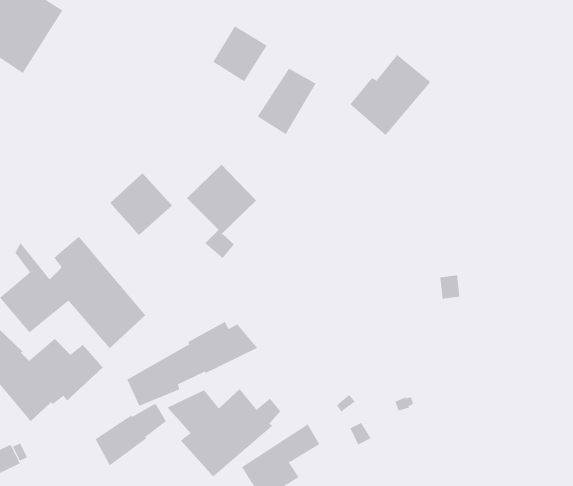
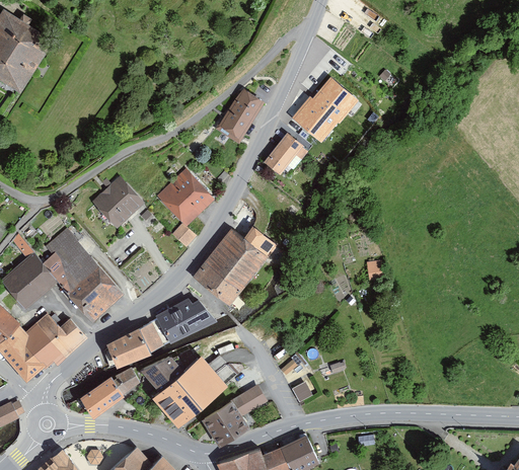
building: [213,26,267,82] -> none
building: none -> [264,135,306,177]
building: none -> [192,227,277,307]

